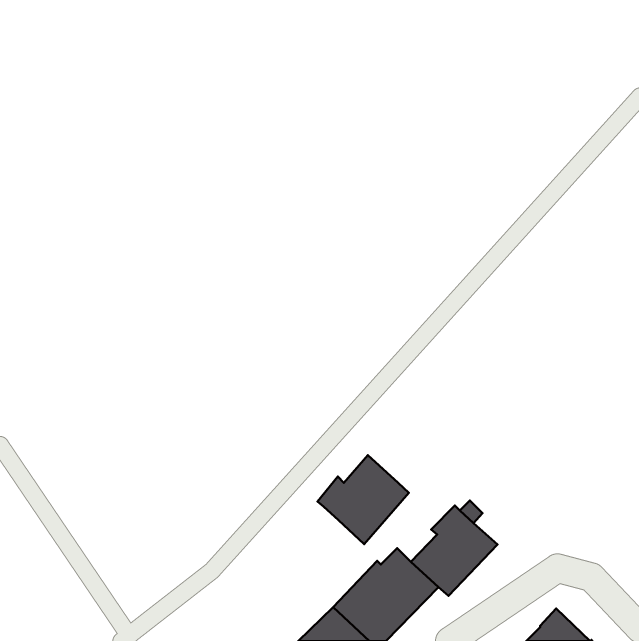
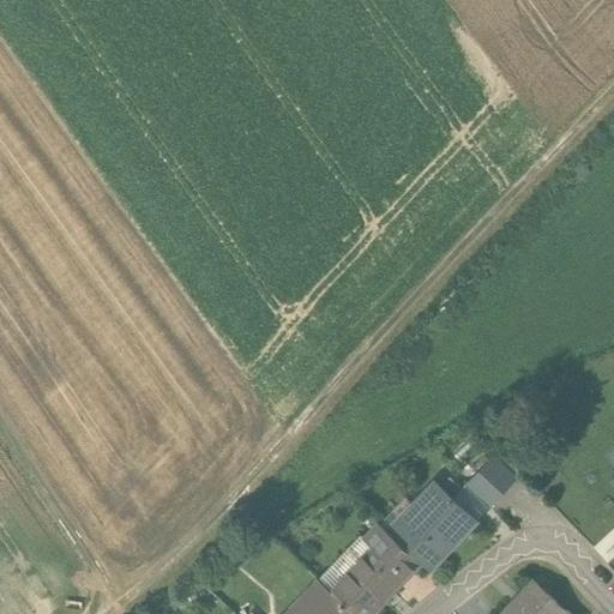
building: [317,455,409,544] -> none
building: none -> [468,459,516,506]

